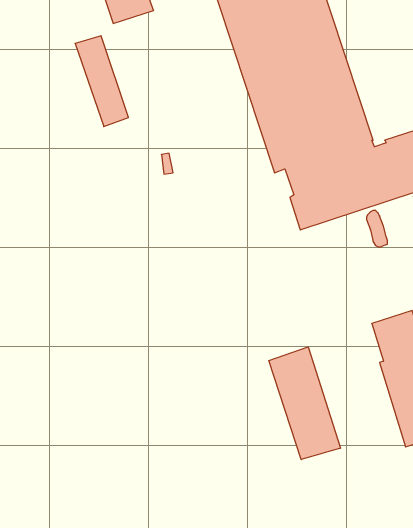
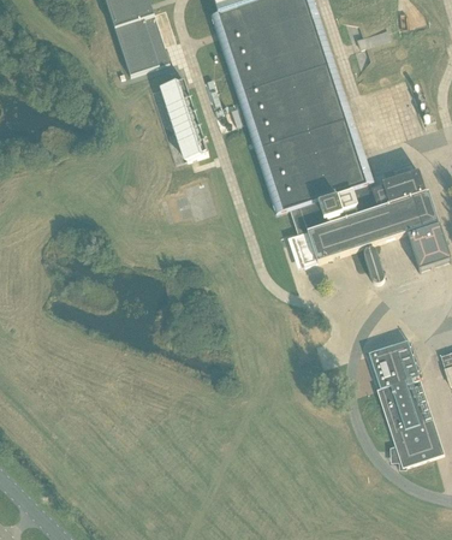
building: [75,36,128,127] -> [159,77,208,161]
building: [269,347,340,460] -> none

